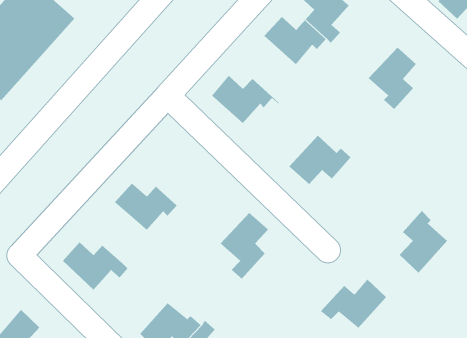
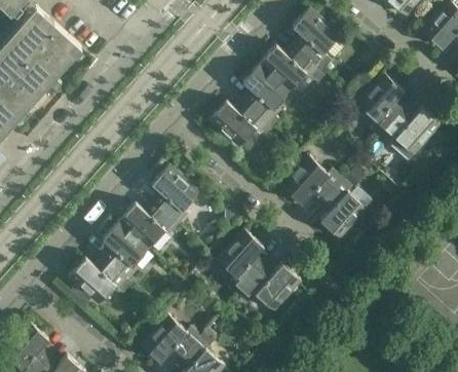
building: none -> [243,64,291,127]
building: none -> [383,107,442,160]
building: none -> [152,165,200,224]
building: none -> [103,221,150,280]
building: [399,210,448,273] -> [321,179,368,238]
building: [320,279,387,329] -> [239,263,302,310]

